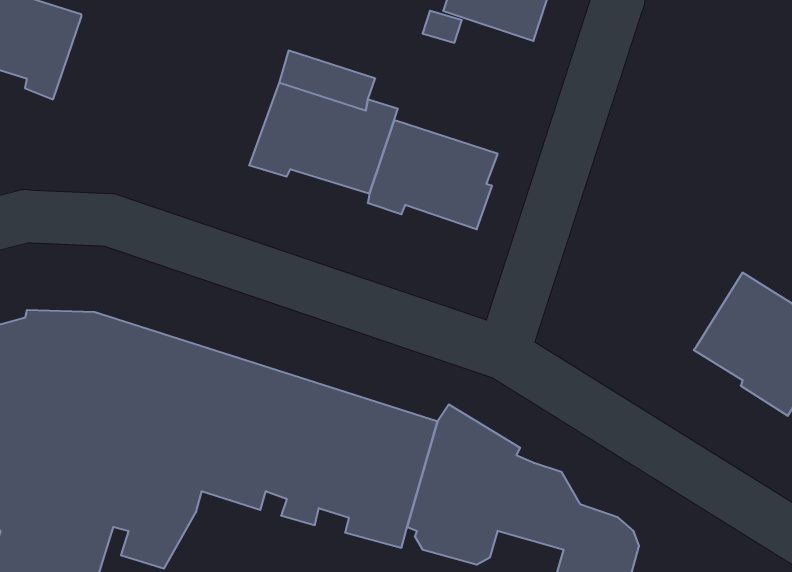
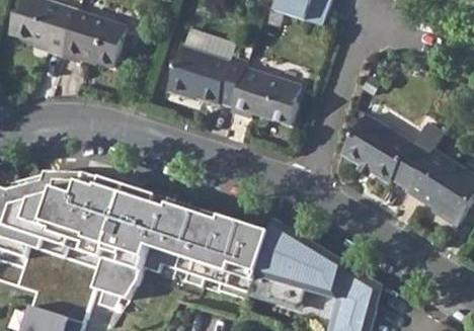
building: none -> [63,12,128,68]
building: none -> [341,115,441,190]

